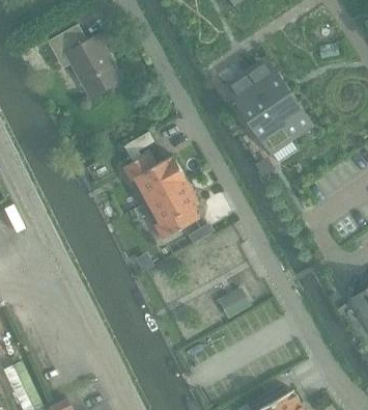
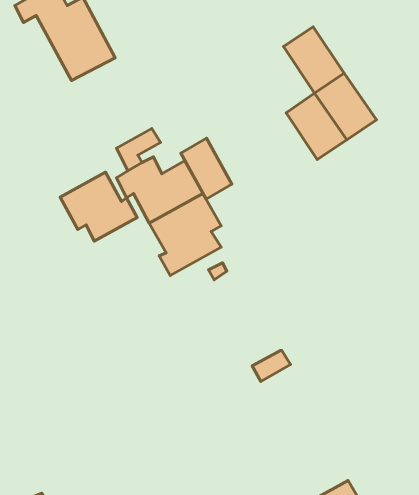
building: [224,72,268,120] -> none
building: none -> [181,138,232,199]
building: none -> [60,172,137,241]

